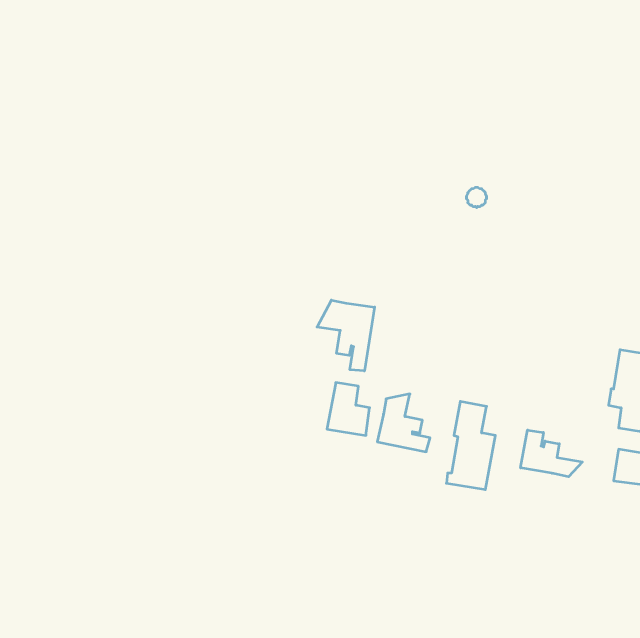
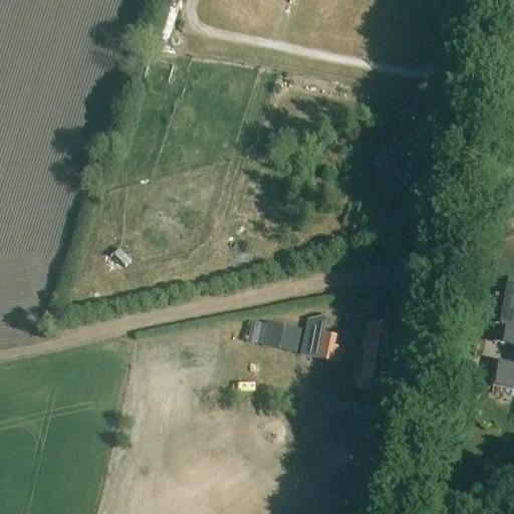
building: [317,300,375,371] -> none
building: [521,430,582,477] -> none

